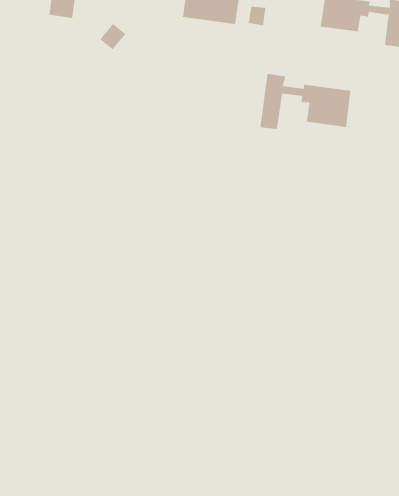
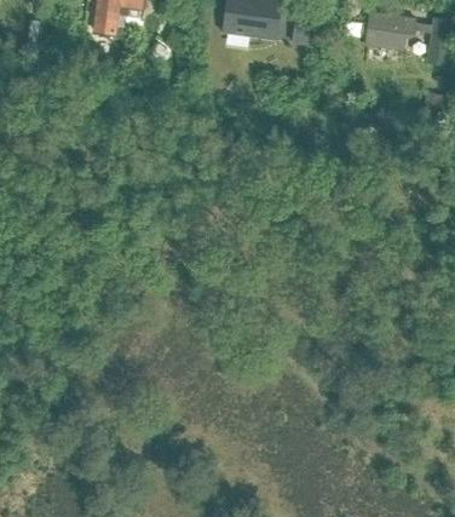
building: [260,73,351,130] -> none

